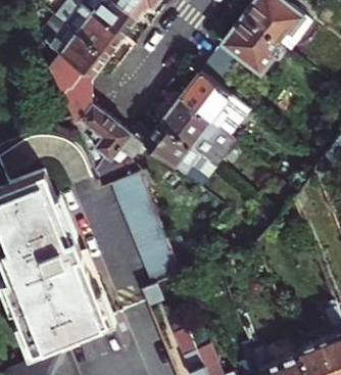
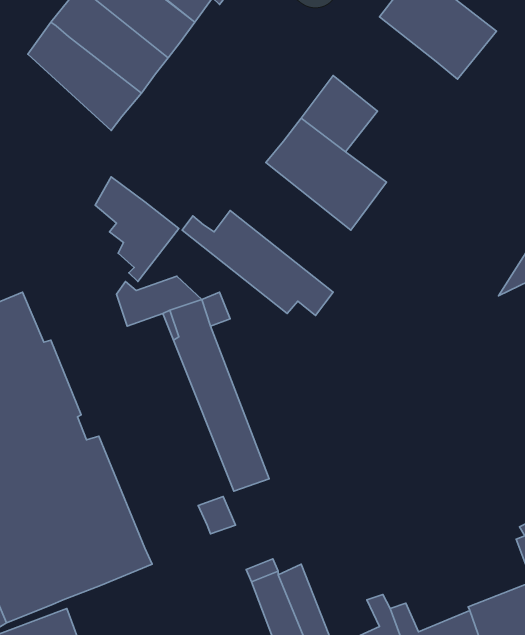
building: [223,11,279,69] -> none
building: [51,41,93,128] -> none
building: [160,95,241,170] -> none

